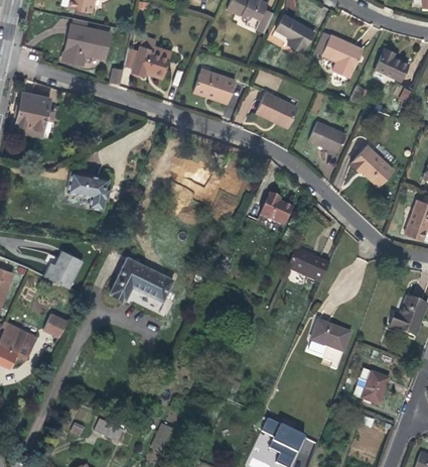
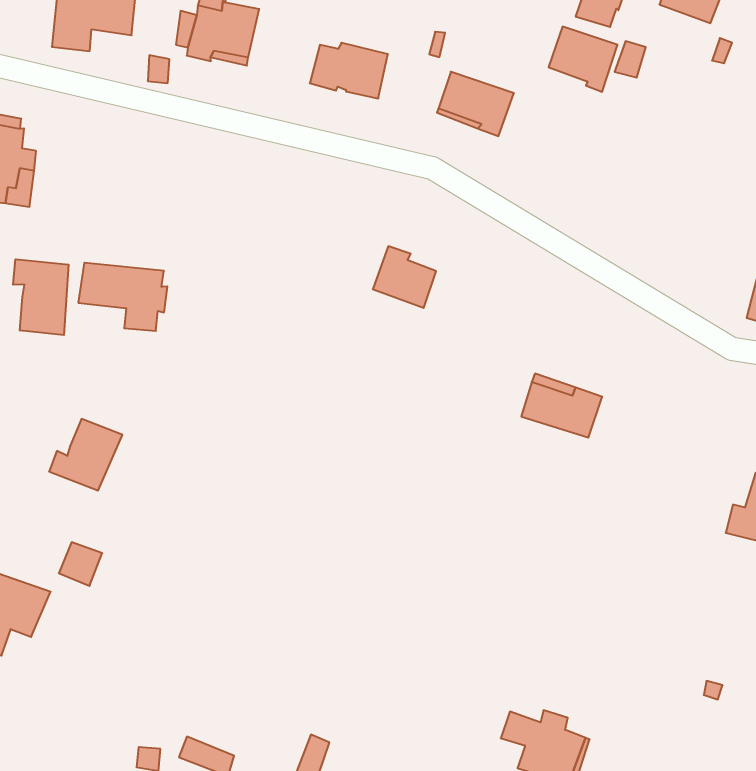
building: [310,120,346,155] -> [549,27,618,92]
building: [352,145,394,185] -> none
building: none -> [13,259,69,335]
building: [260,194,293,227] -> [373,246,436,308]
building: [110,260,172,304] -> none
building: [309,323,349,355] -> none
building: [353,367,390,404] -> none

